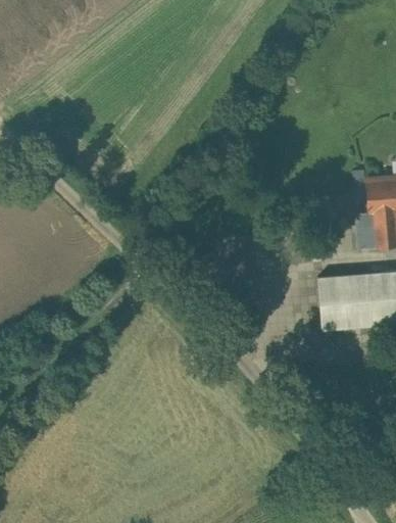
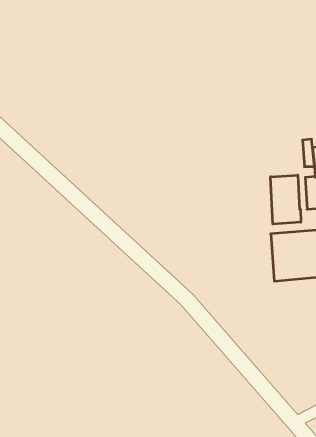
building: none -> [271,175,301,224]

